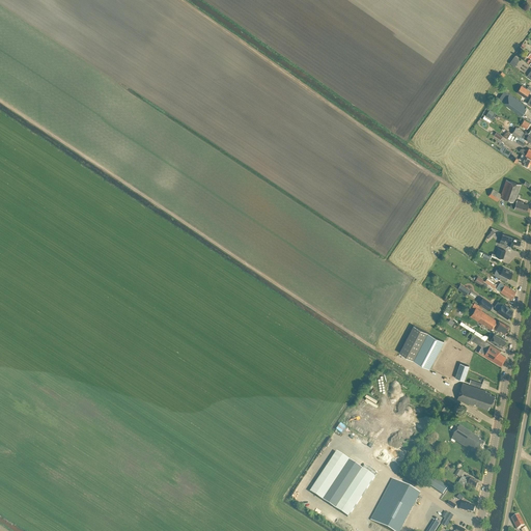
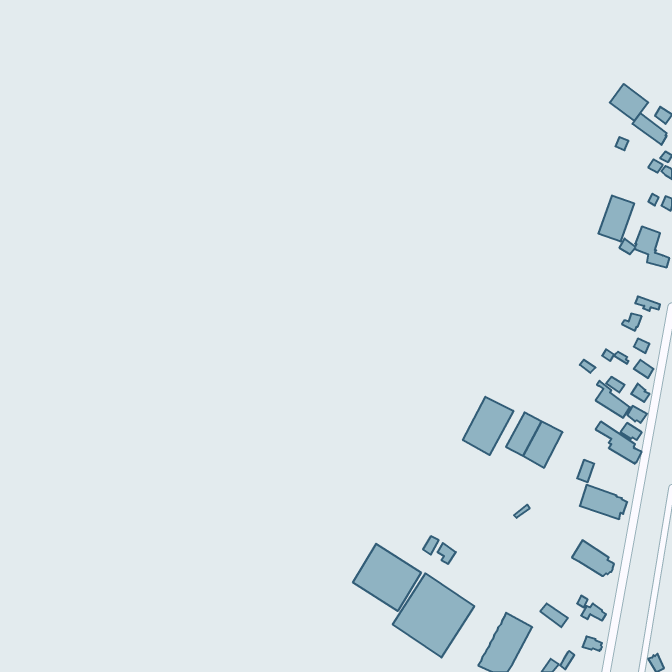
building: none -> [610,84,648,121]
building: none -> [598,195,634,242]
building: none -> [463,397,513,455]
building: none -> [353,544,421,611]

